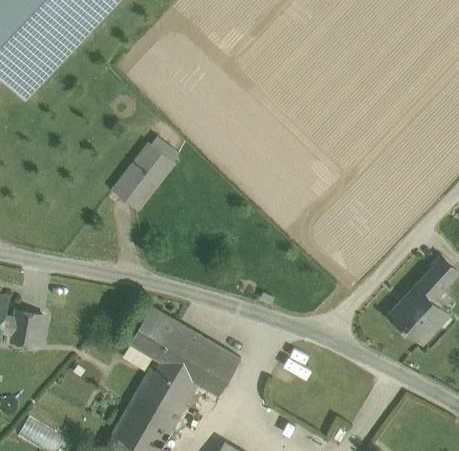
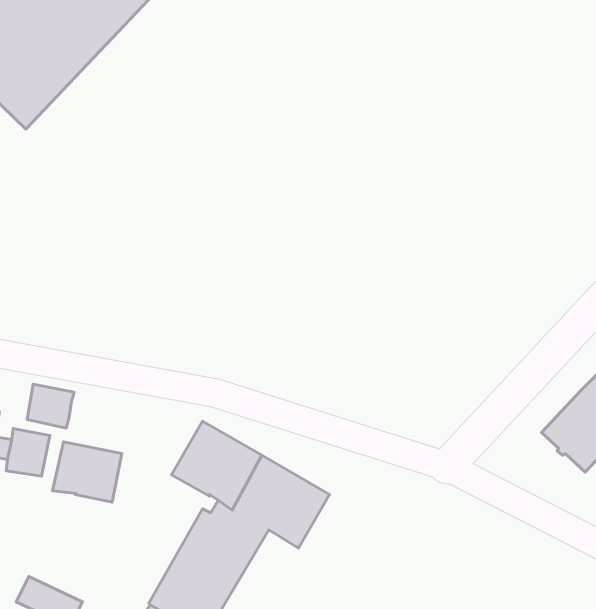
building: [111,144,174,211] -> none
building: none -> [27,384,74,428]
building: none -> [53,442,122,502]

